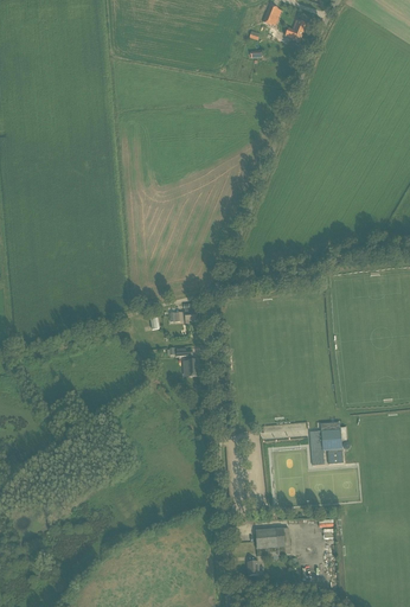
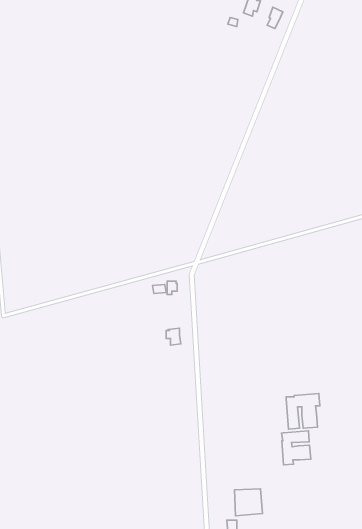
building: none -> [282,431,311,465]

